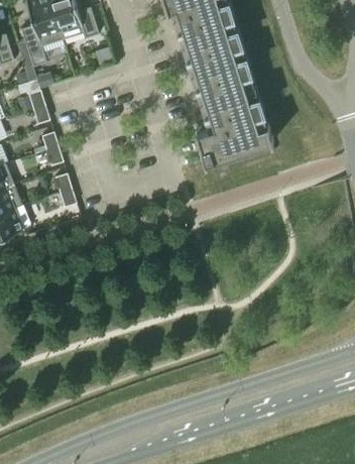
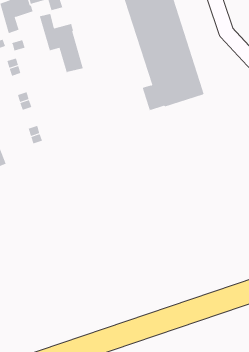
building: none -> [39,13,84,75]

